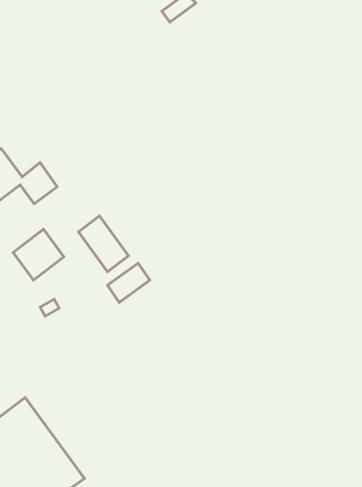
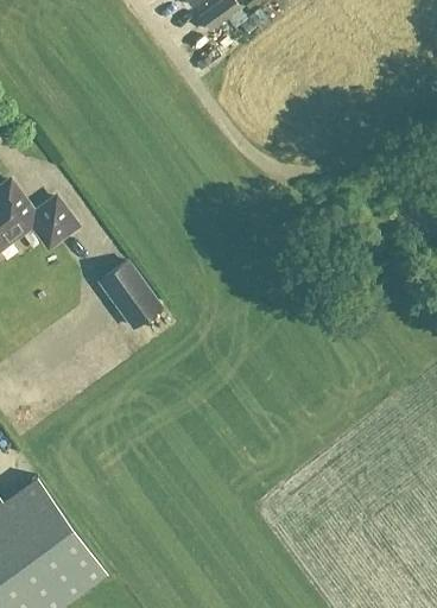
building: [13,229,64,280] -> none
building: [107,263,150,302] -> none

